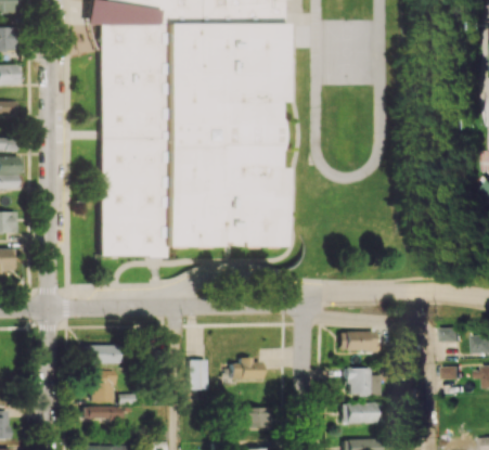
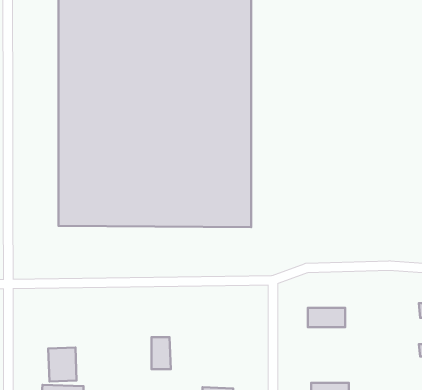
building: [87,345,120,364] -> none
building: [230,358,262,380] -> none
building: [346,368,379,395] -> none

